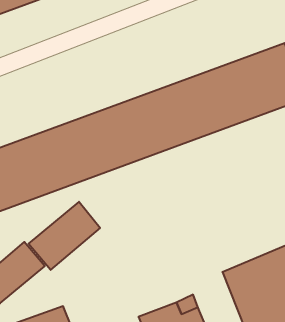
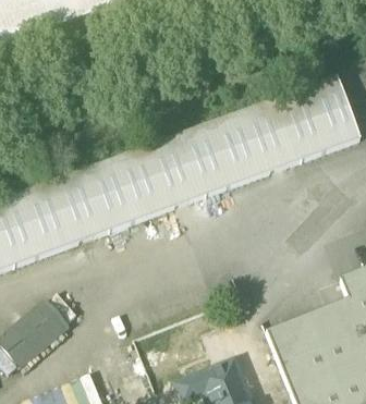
building: [29,202,100,270] -> none

